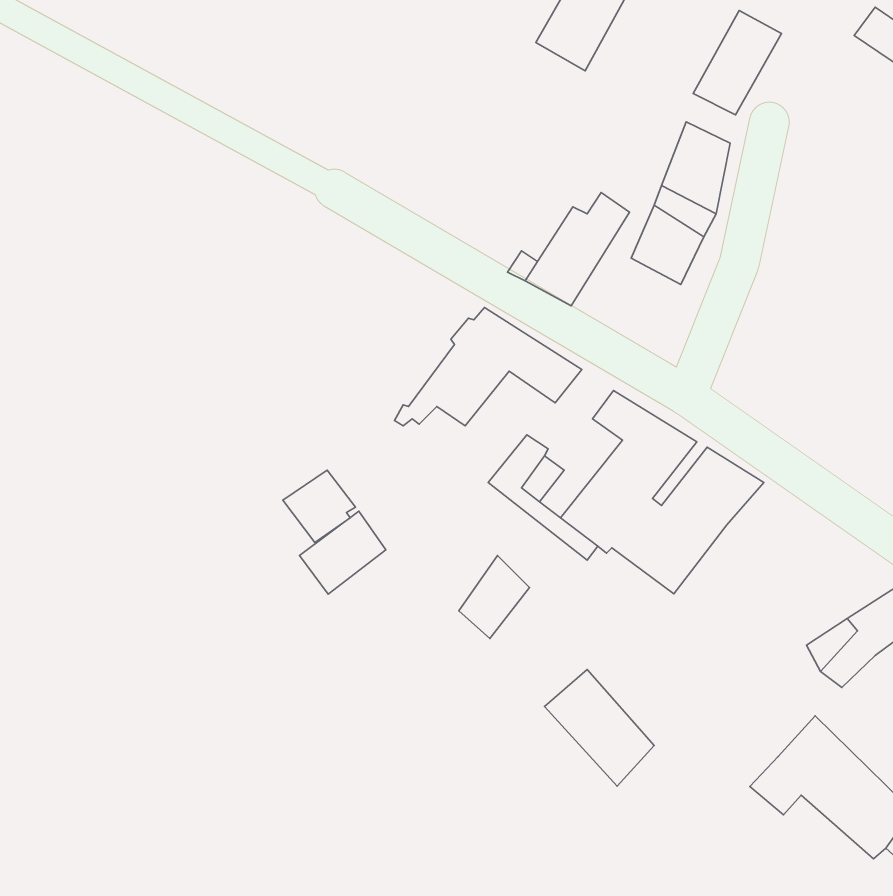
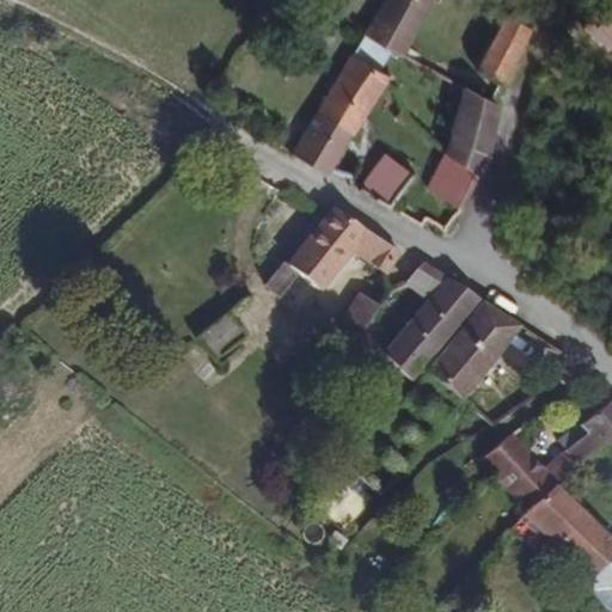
building: none -> [294,53,390,175]
building: [300,511,386,594] -> none
building: [459,555,530,638] -> none
building: [545,669,654,786] -> [484,433,558,512]

